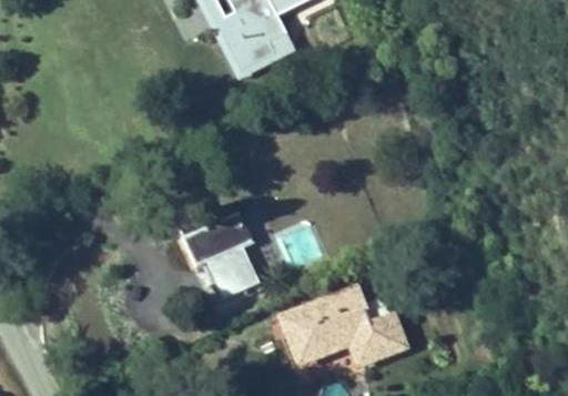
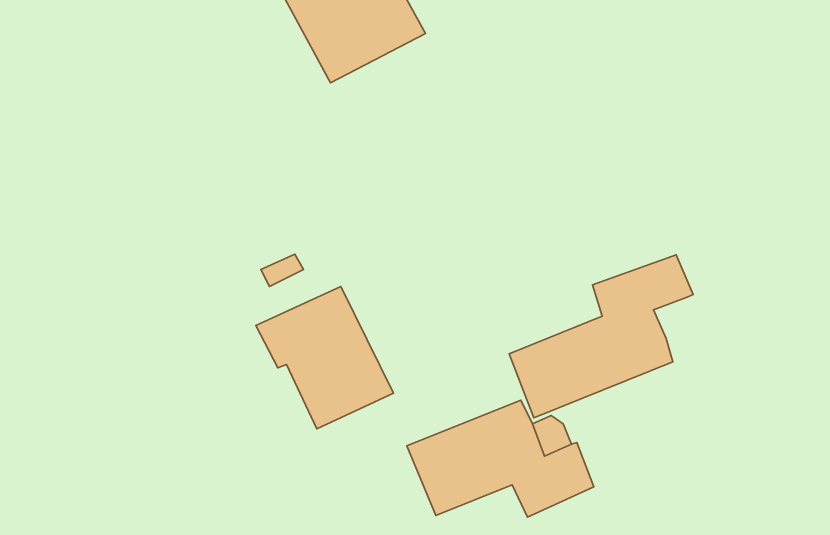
building: none -> [509,255,693,418]

